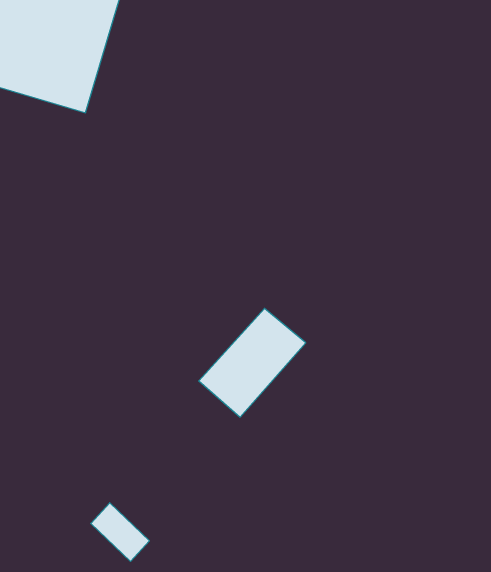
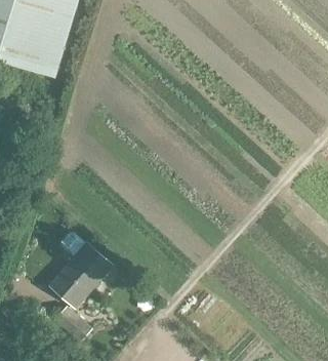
building: [199,308,306,417] -> [49,246,113,311]

